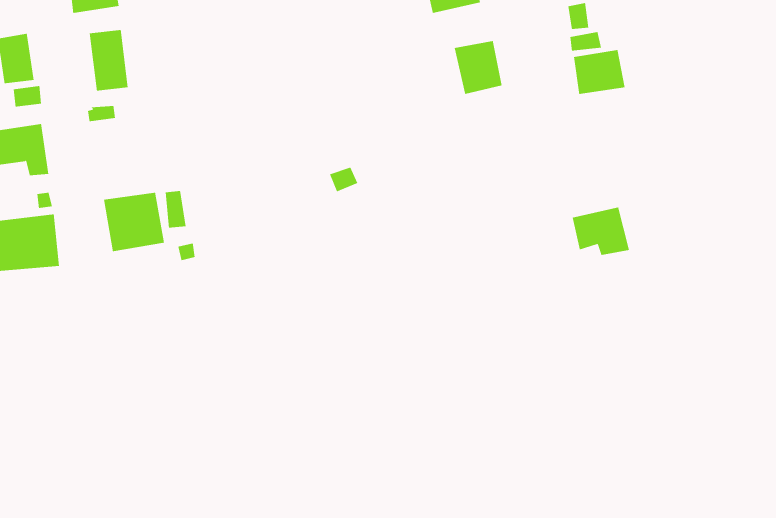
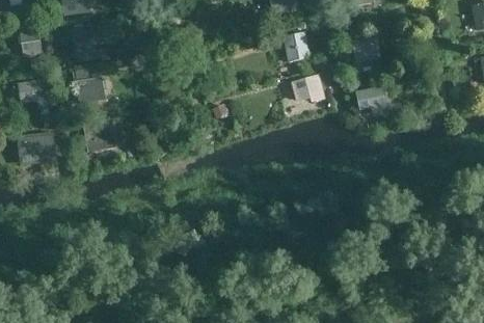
building: none -> [291,74,324,102]
building: none -> [77,77,105,103]
building: [572,207,630,255] -> [355,85,388,113]

